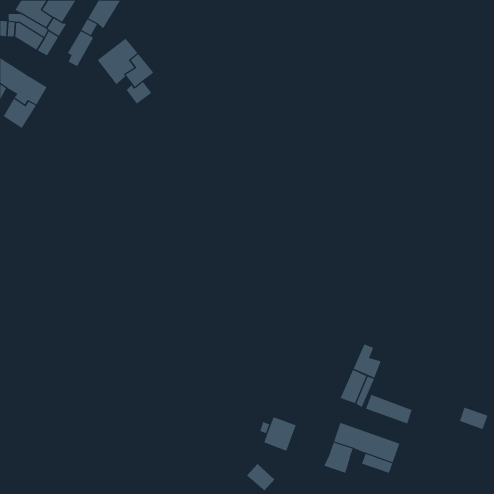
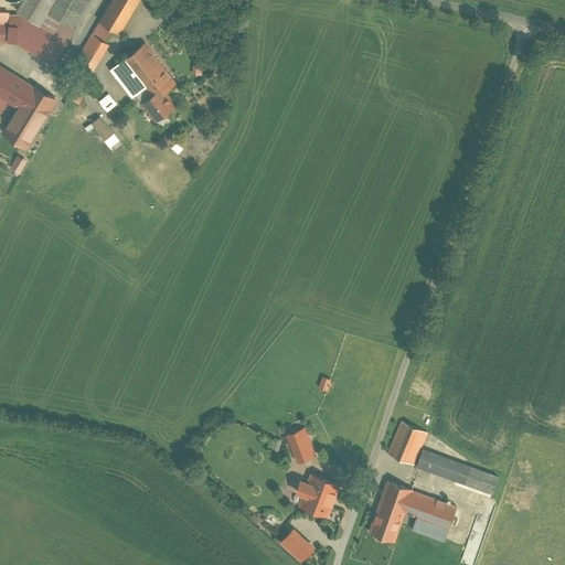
building: [353,343,381,379] -> none
building: none -> [287,429,313,461]
building: [459,407,488,430] -> [465,468,498,494]

